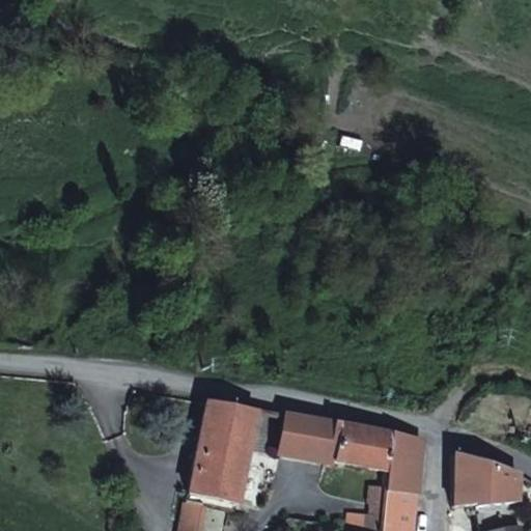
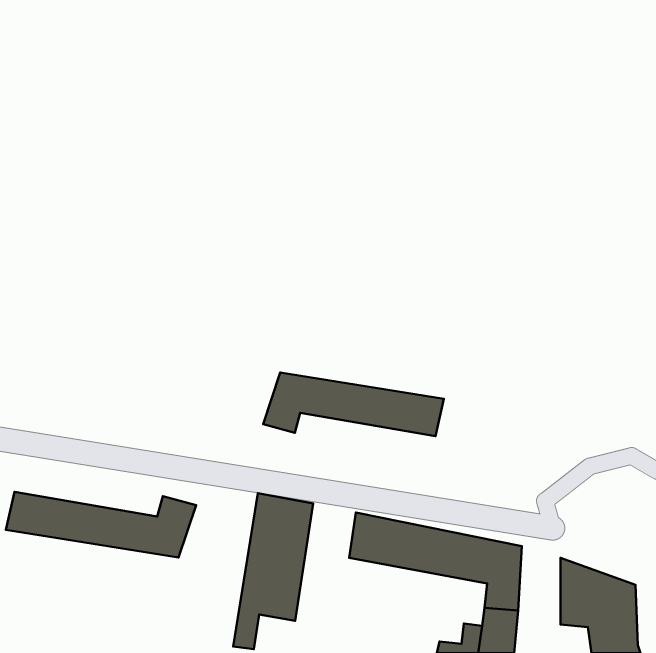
building: none -> [263,373,444,436]
building: none -> [6,492,196,557]

